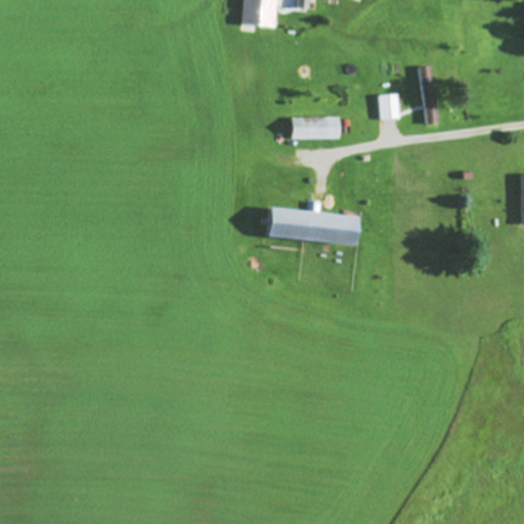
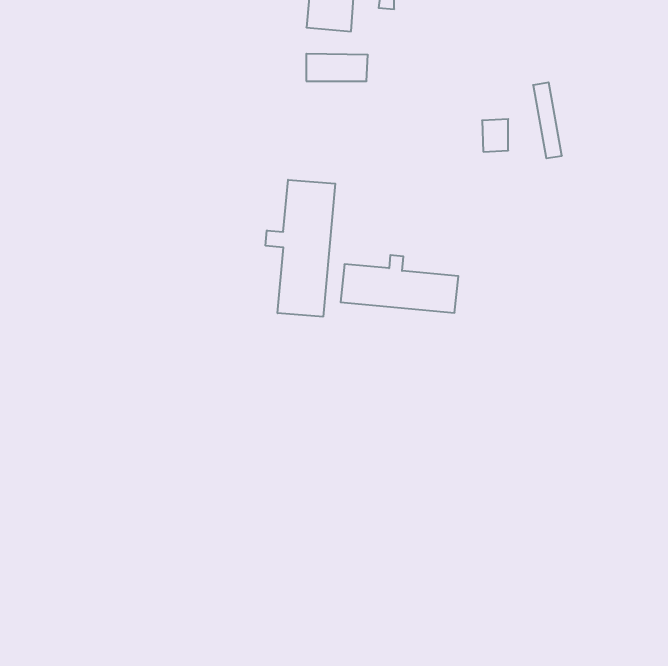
building: [292,116,340,137] -> [306,54,368,81]
building: none -> [266,180,335,317]

